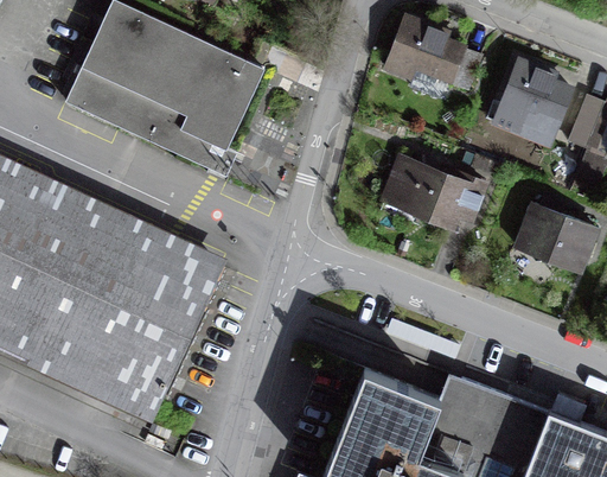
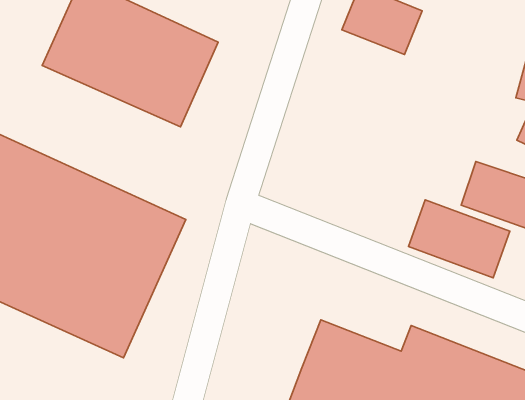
building: [488,57,575,138] -> none
building: [381,155,488,238] -> [408,200,510,278]

